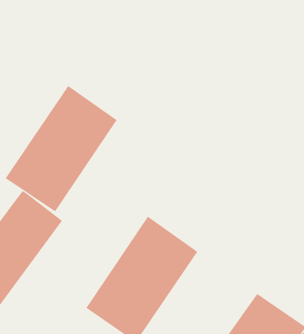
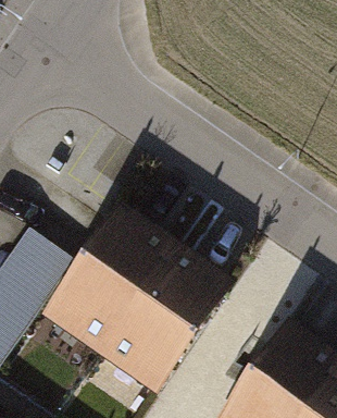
building: [5,85,117,212] -> [46,214,164,348]

